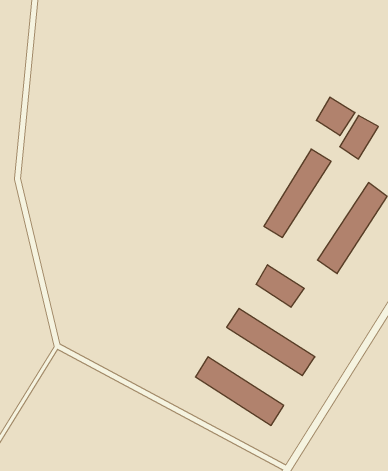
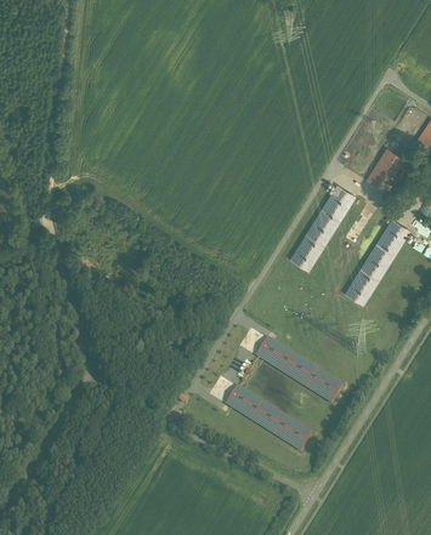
building: [316,97,355,136] -> none
building: [256,265,304,307] -> none

